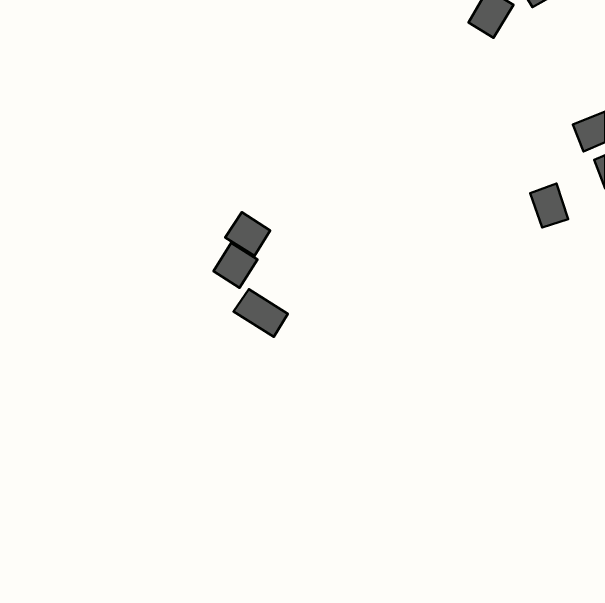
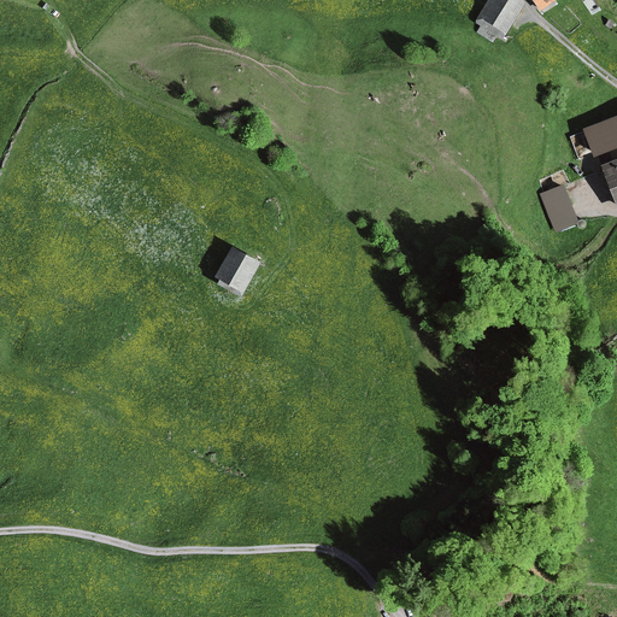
building: [225,212,270,256] -> none
building: [234,289,288,337] -> none

